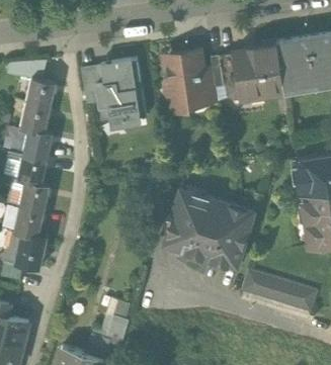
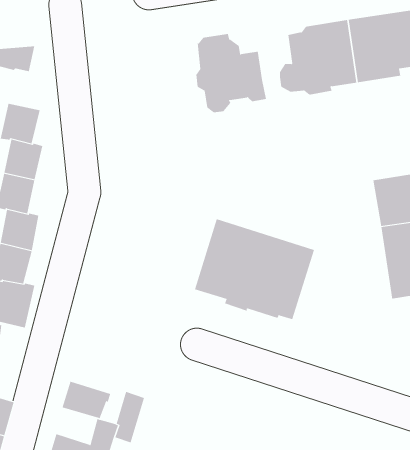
building: [211,53,236,86] -> none
building: [81,58,146,126] -> none
building: [26,78,56,108] -> none
building: [241,270,317,313] -> none
building: none -> [62,381,111,419]

